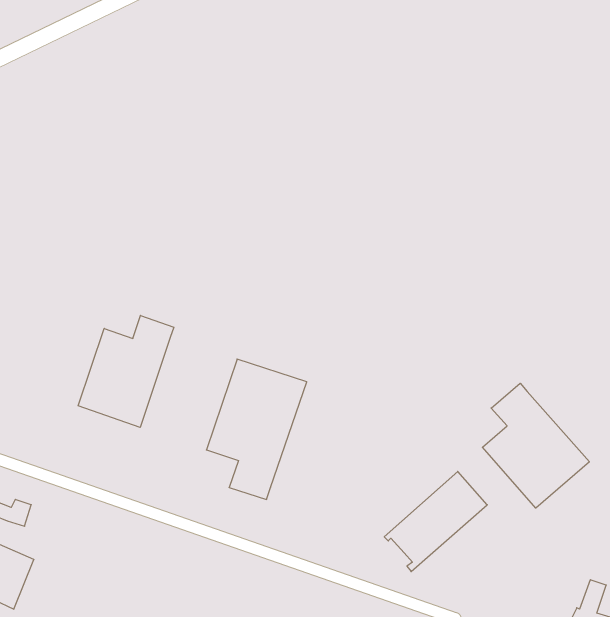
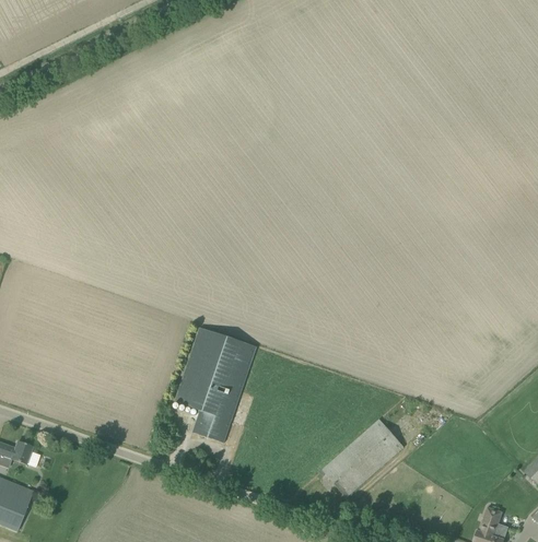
building: [78,315,174,427] -> none
building: [482,383,589,508] -> none

